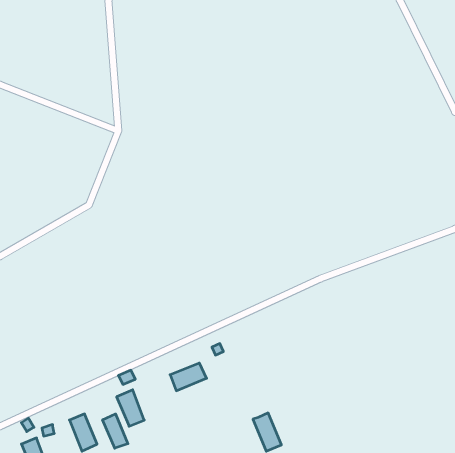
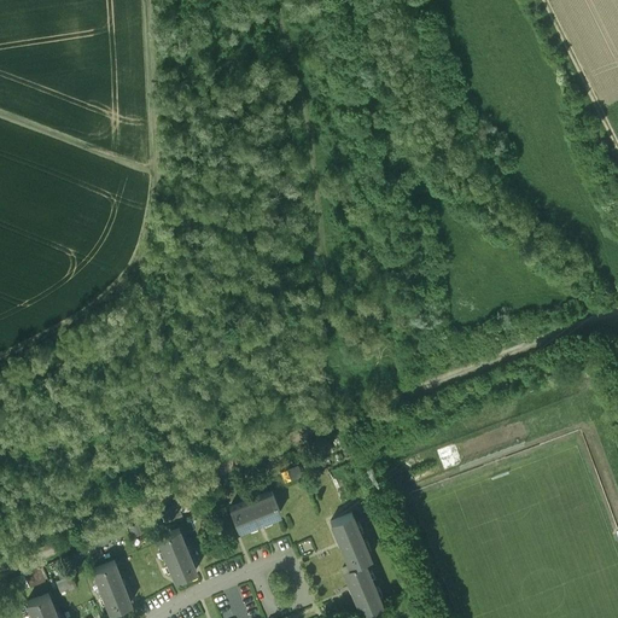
building: none -> [331,515,371,569]
building: [103,414,128,448] -> none

